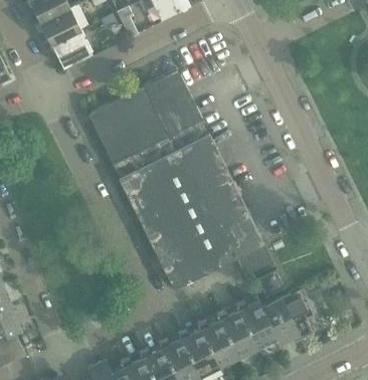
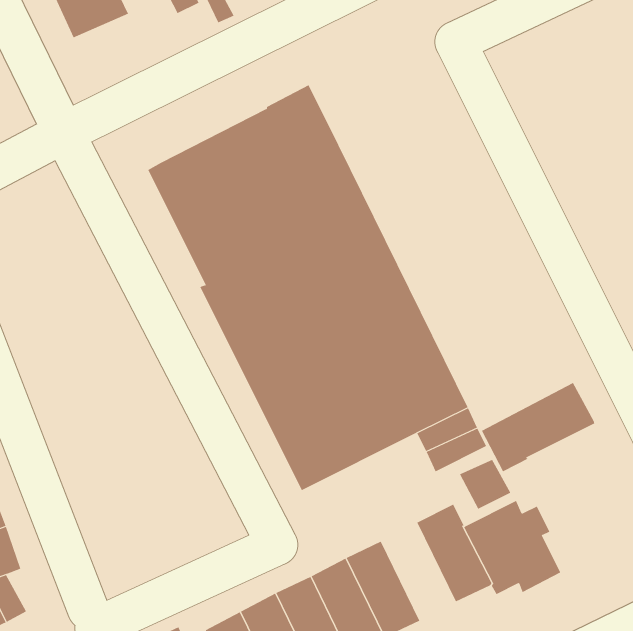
building: [49,30,89,64] -> none
building: none -> [481,382,595,472]
building: [216,306,256,359] -> none

